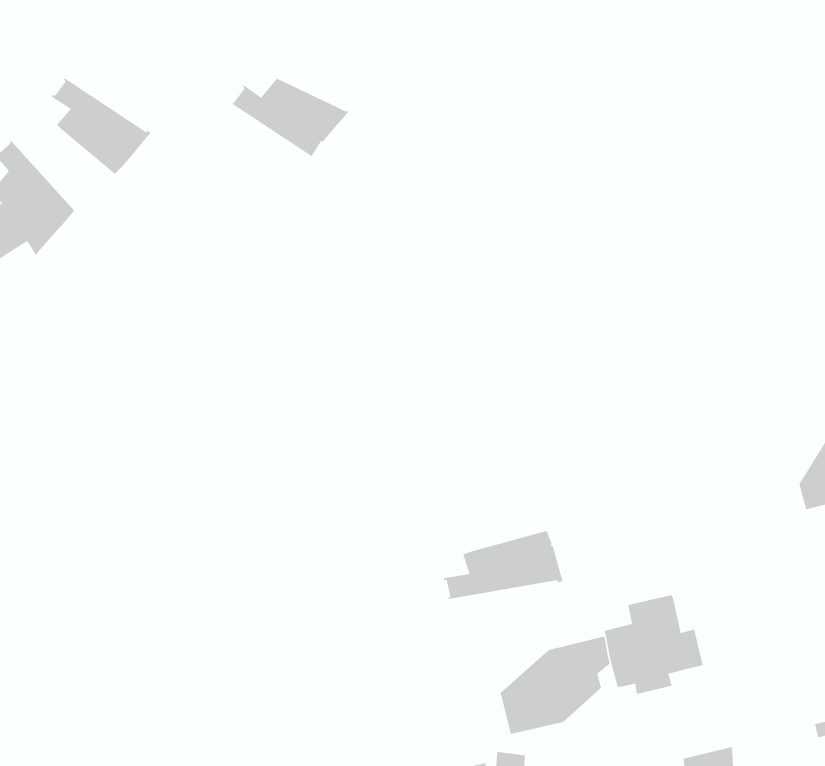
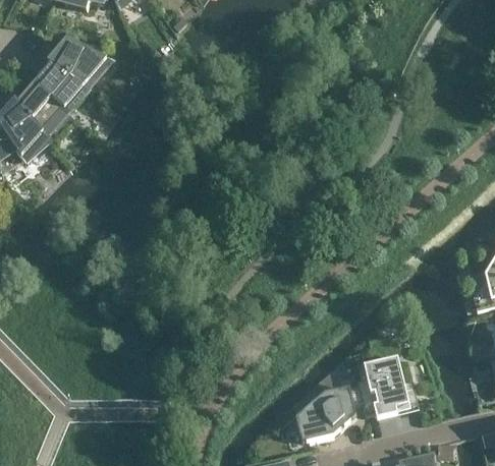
building: [232,74,349,157] -> [40,39,109,88]
building: none -> [8,83,69,134]
building: [443,530,563,600] -> none

